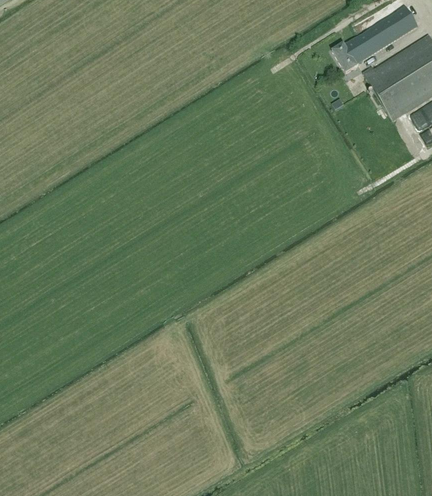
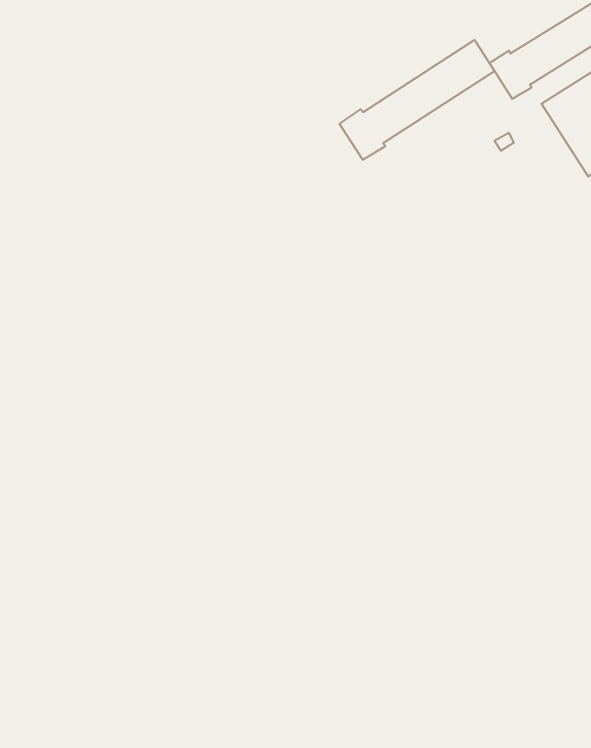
building: none -> [340,40,494,160]

